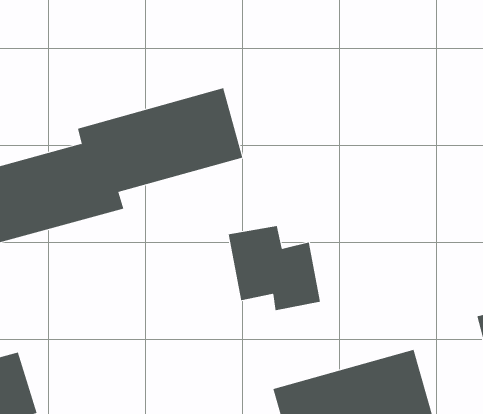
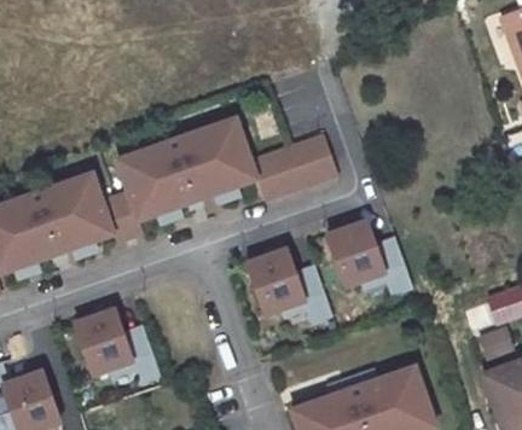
building: none -> [250,130,340,203]
building: none -> [319,215,414,296]
building: none -> [68,306,158,384]

